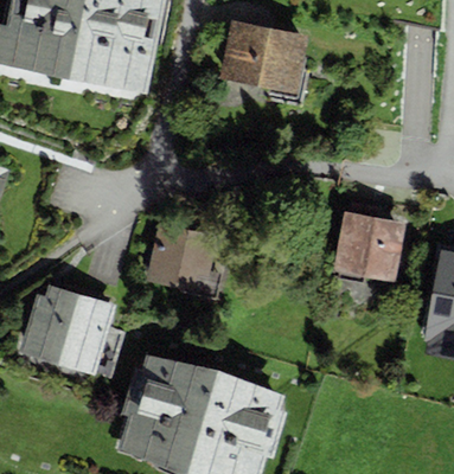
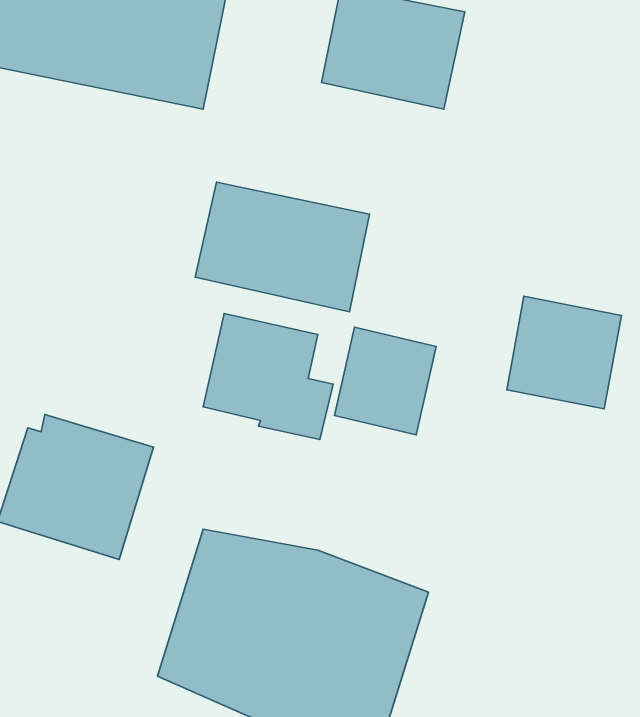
building: none -> [195,182,370,312]
building: none -> [335,327,436,435]

